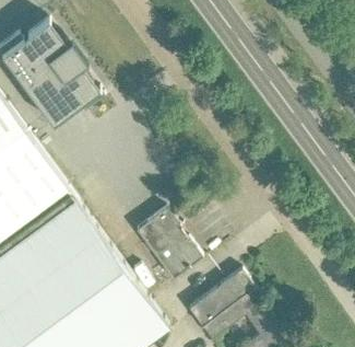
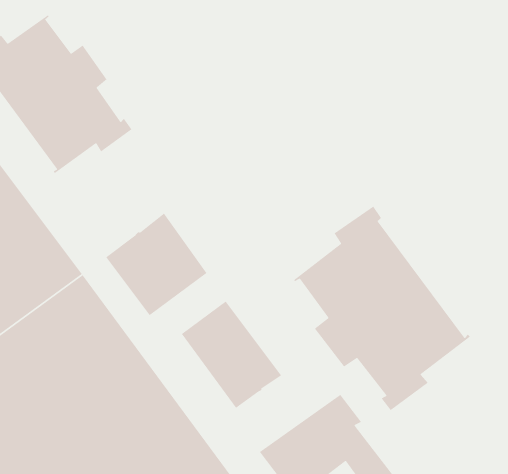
building: none -> [293,205,471,411]
building: none -> [105,212,208,316]

